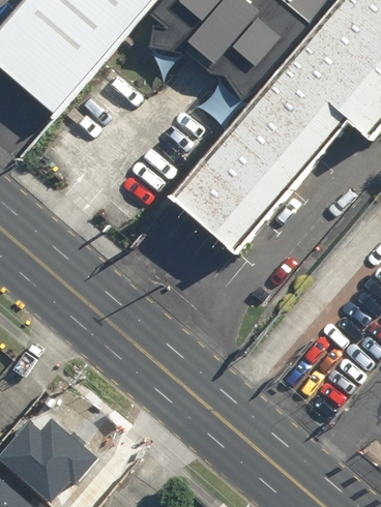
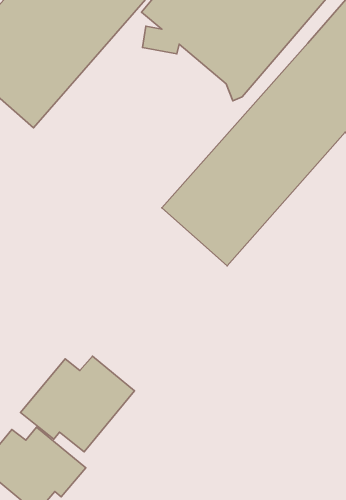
building: none -> [21,356,134,452]

